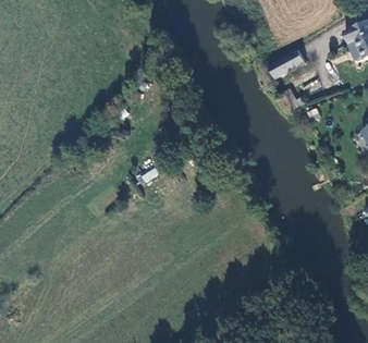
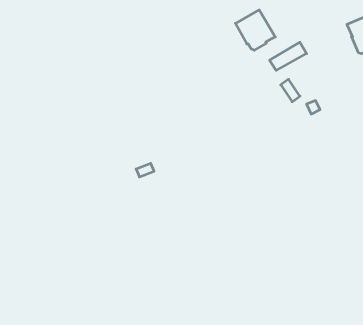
building: none -> [235,10,275,50]

